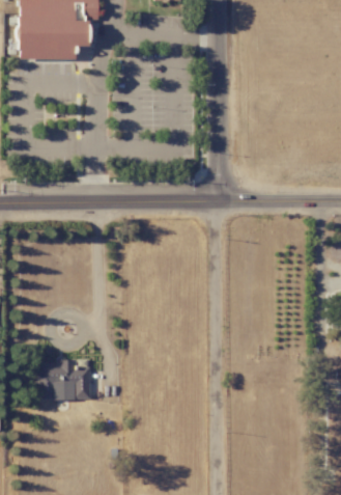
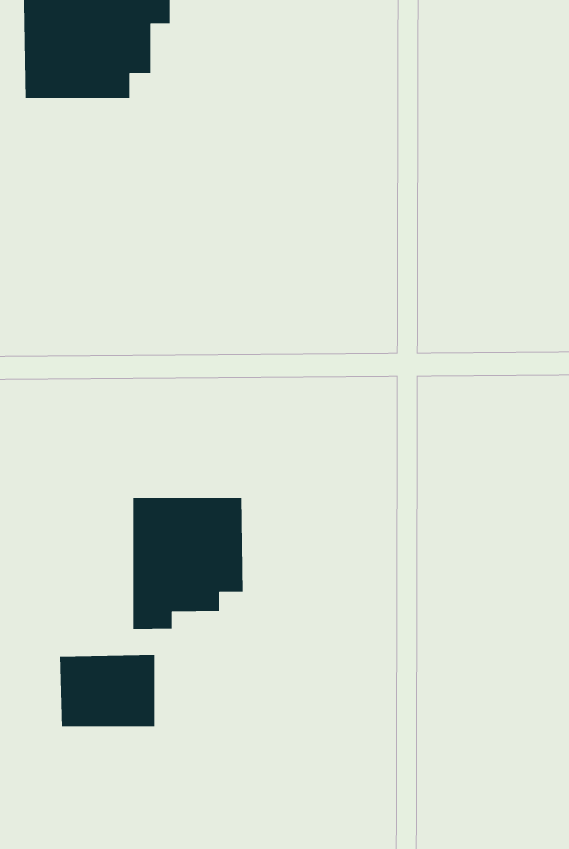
building: none -> [132,497,244,630]

